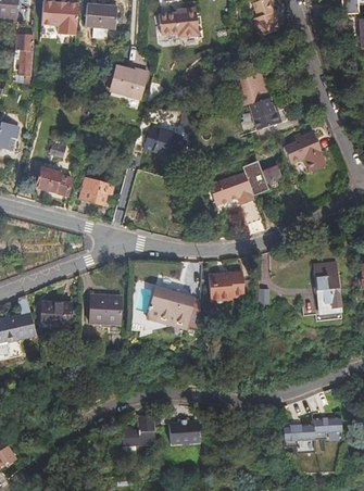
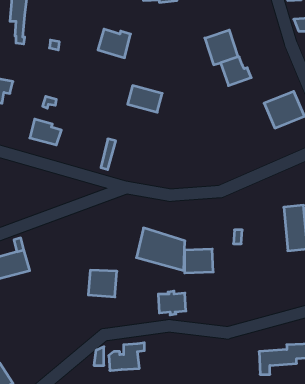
building: [247,159,285,197] -> none
building: [208,173,261,223] -> none
building: [77,177,111,204] -> none
building: [212,273,243,299] -> [185,249,213,273]
building: [89,294,121,324] -> [88,270,117,297]
building: [41,299,72,323] -> none
building: [170,417,200,443] -> [158,291,186,315]

